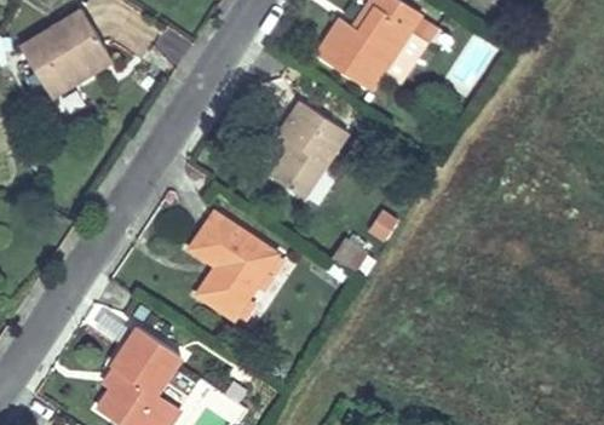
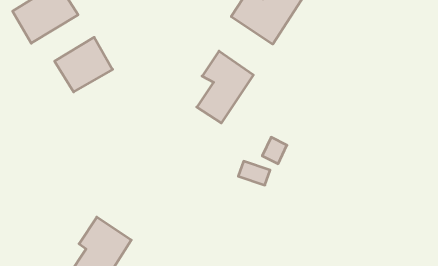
building: none -> [55,37,113,92]
building: [190,211,280,322] -> none

